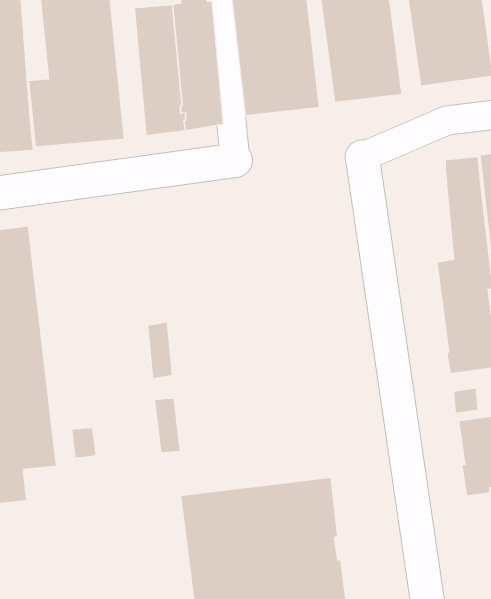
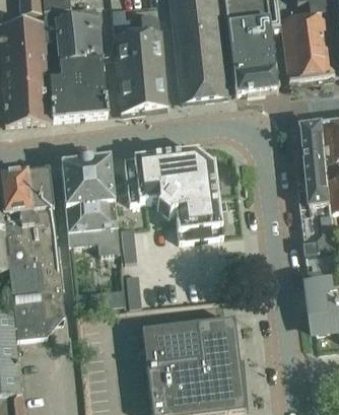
building: none -> [125,147,223,238]
building: none -> [61,157,120,252]

